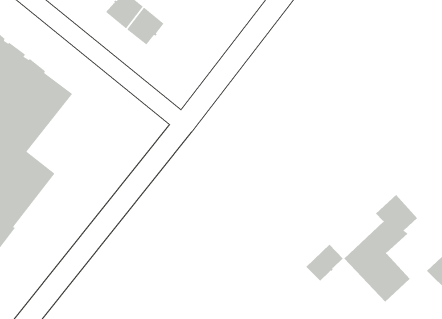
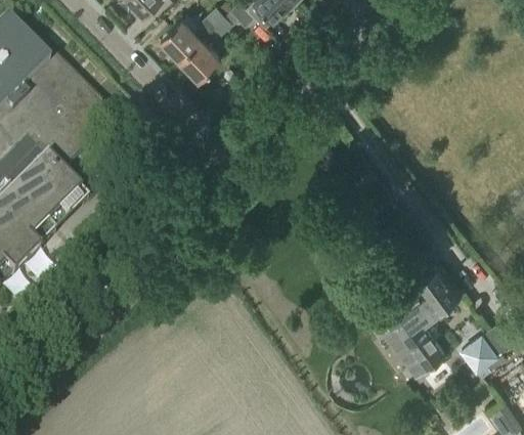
building: [305,244,343,281] -> none

